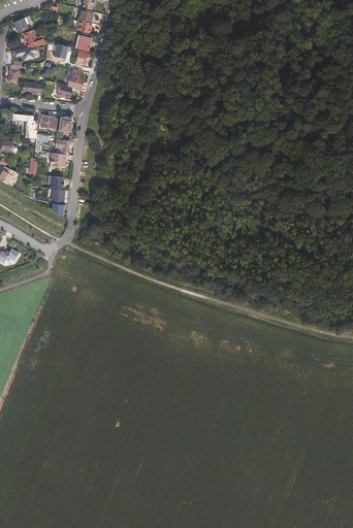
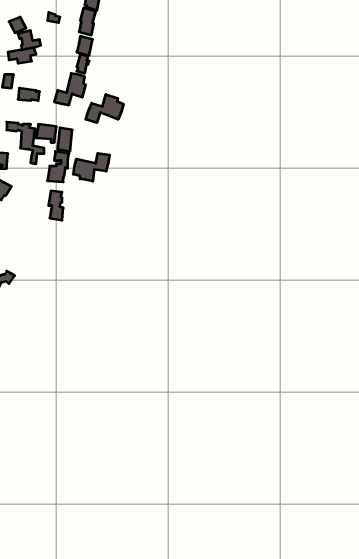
building: none -> [86,94,123,123]
building: none -> [73,153,110,181]

